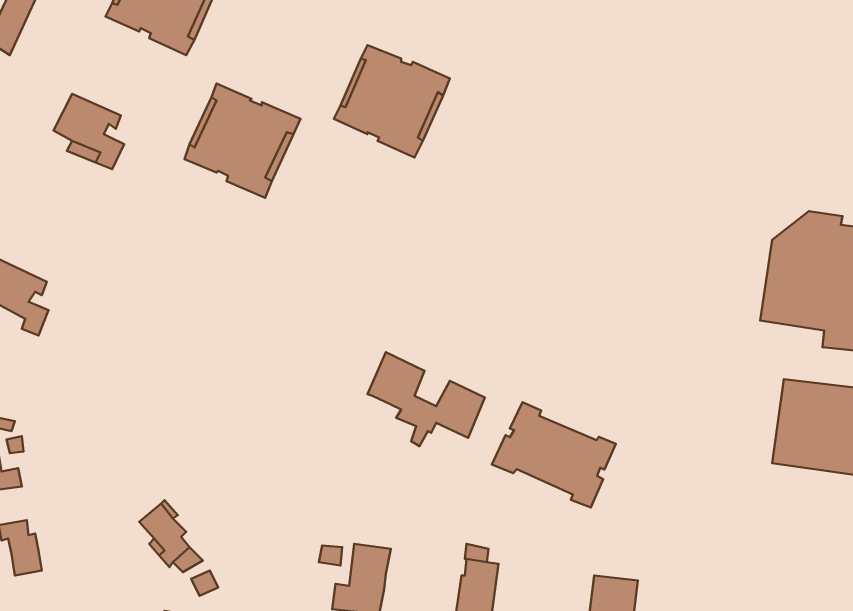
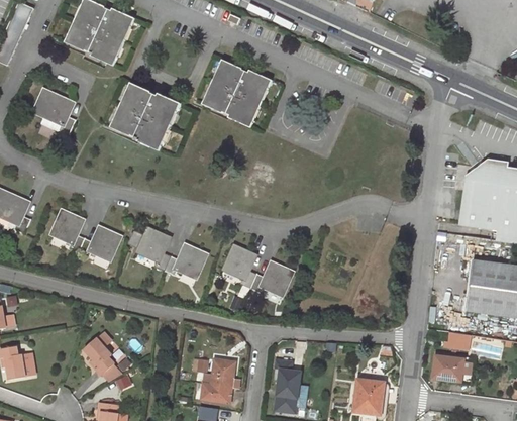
building: none -> [48,209,120,262]
building: none -> [128,226,206,277]
building: [492,402,616,507] -> none
building: none -> [440,332,470,350]
building: none -> [431,355,474,382]

